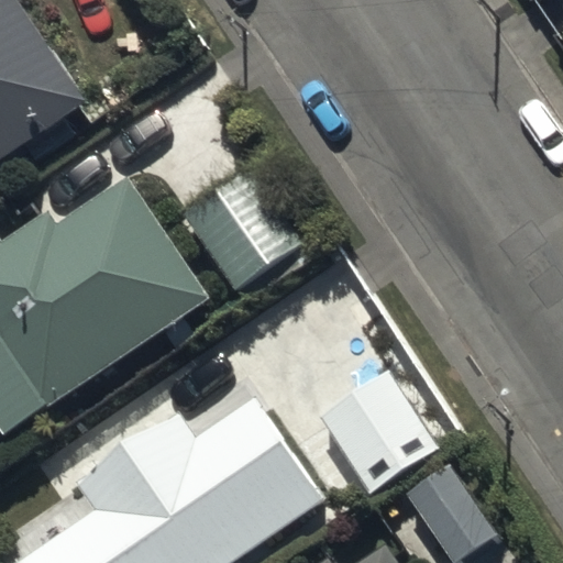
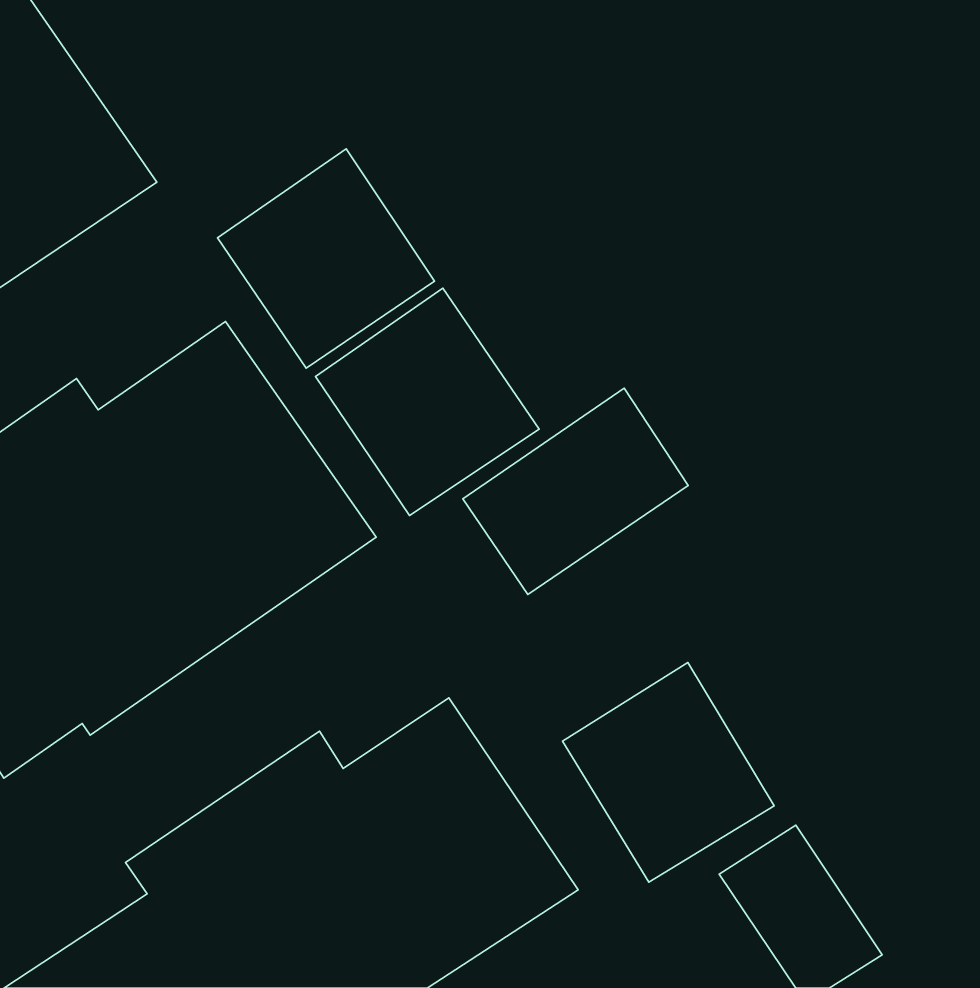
building: none -> [217,149,434,368]
building: none -> [463,388,688,595]

